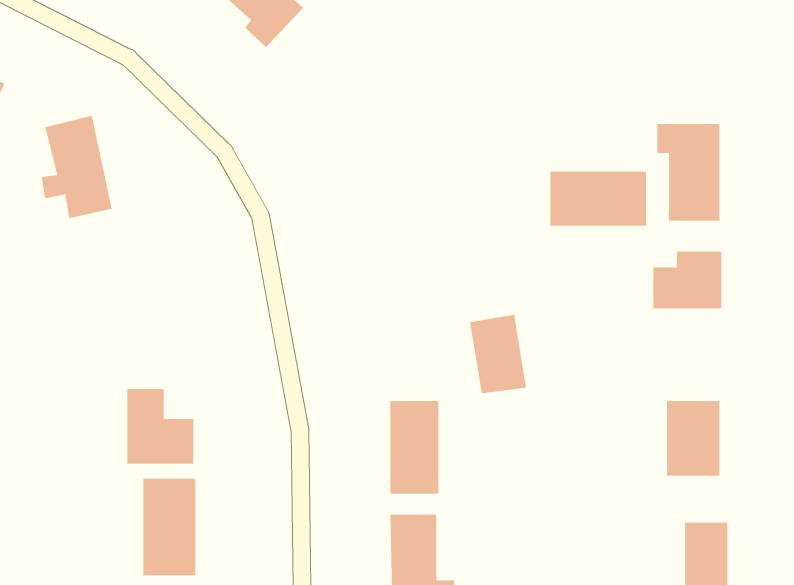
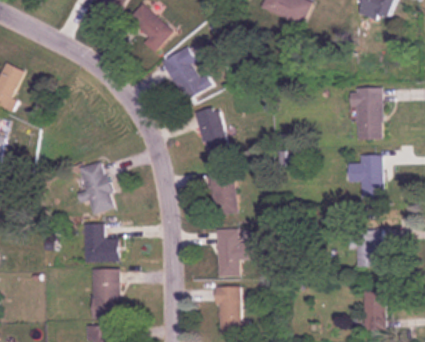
building: none -> [162,46,210,100]
building: [41,115,112,219] -> [77,161,113,213]
building: none -> [194,106,228,155]
building: [550,171,647,227] -> none
building: [469,314,527,394] -> [209,175,238,215]

